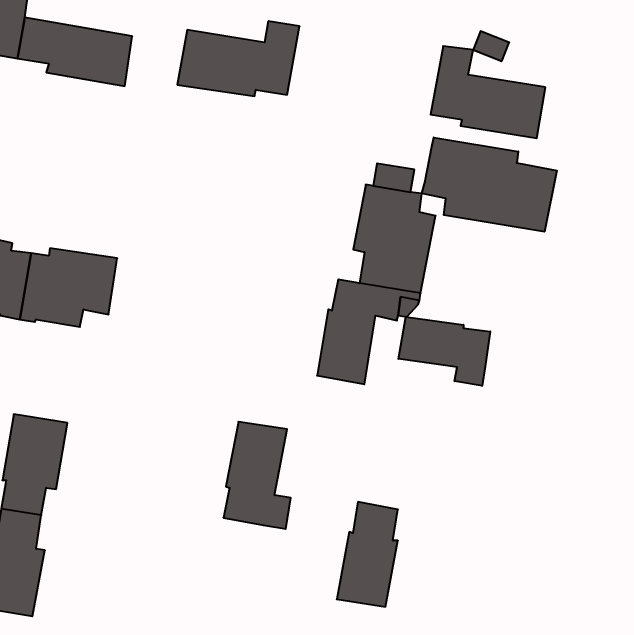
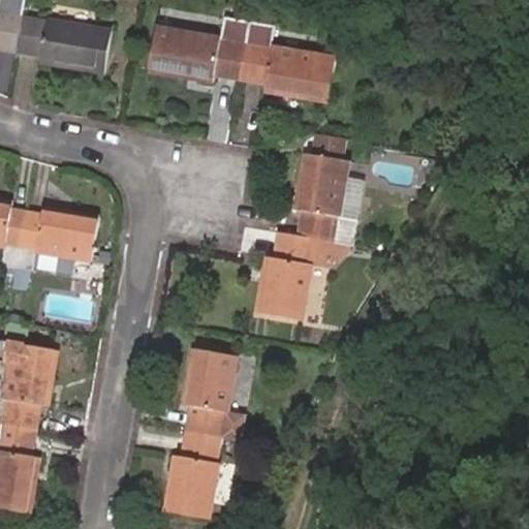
building: [431,46,545,138] -> [238,22,333,98]
building: [422,137,557,232] -> none
building: [398,317,490,386] -> none
building: [337,502,398,607] -> [167,429,218,516]

